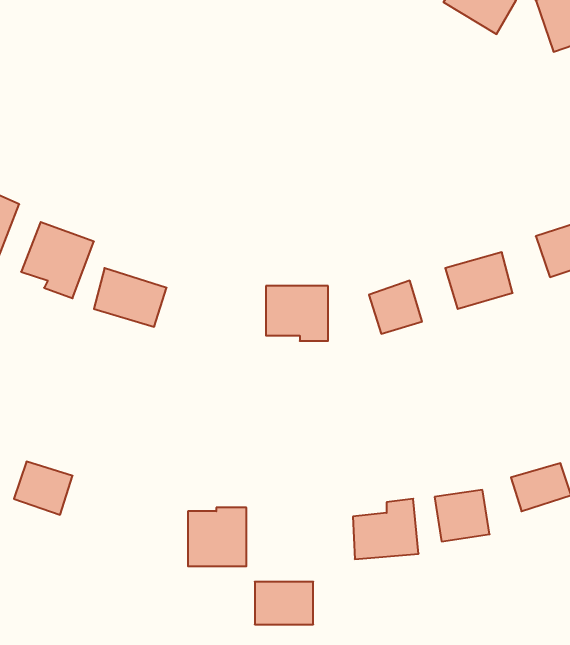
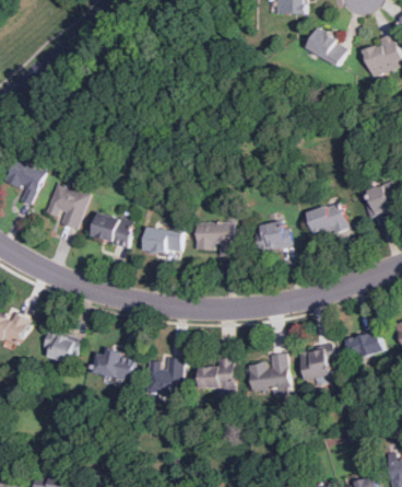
building: none -> [141,228,181,256]
building: none -> [92,349,133,381]
building: [255,582,313,624] -> [197,362,233,389]

